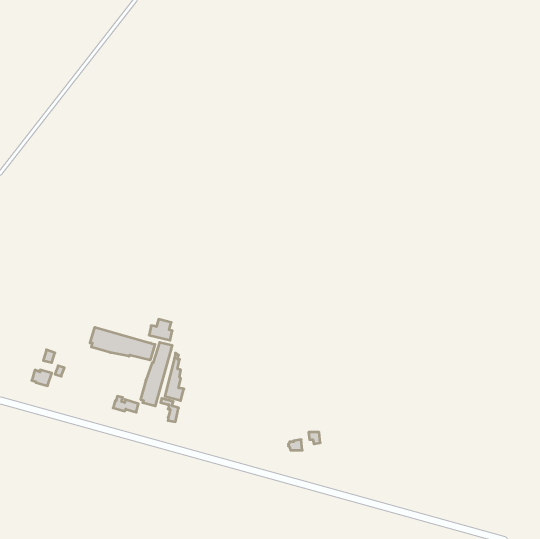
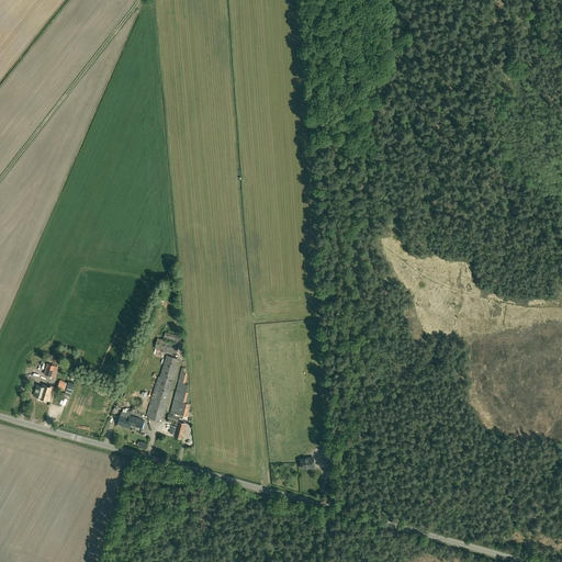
building: [90,327,155,360] -> none

